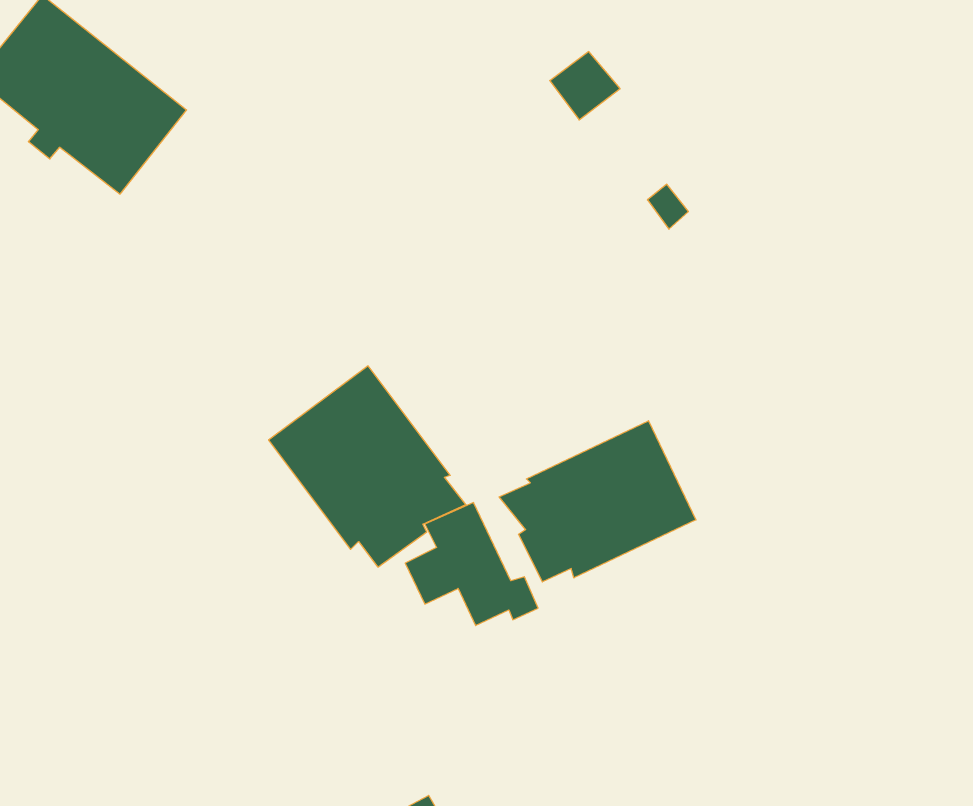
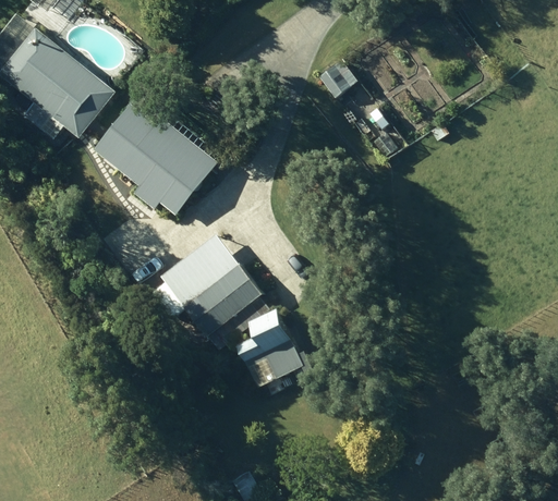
building: none -> [94,103,218,216]
building: [499,421,696,582] -> none

